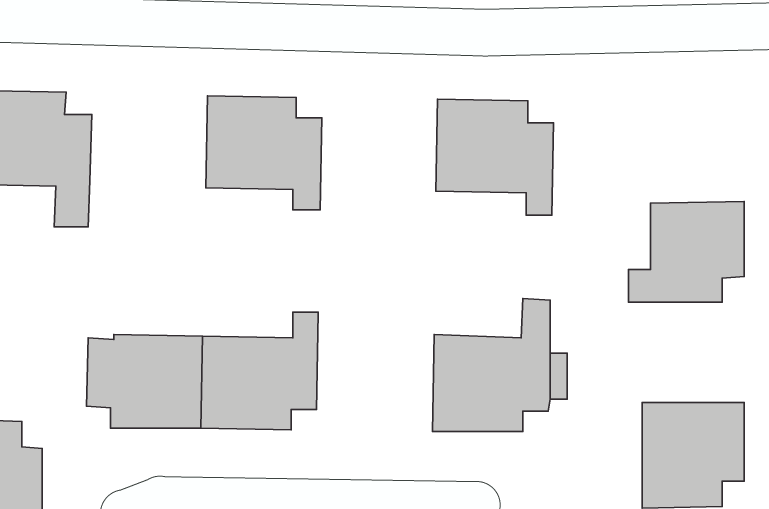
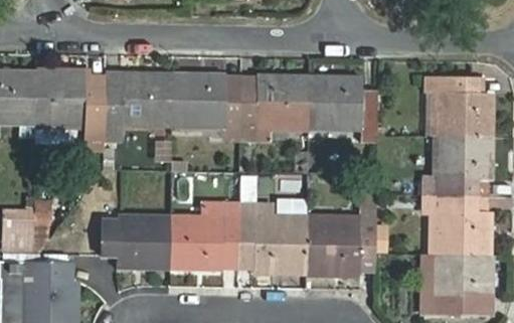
building: none -> [104,71,173,127]
building: none -> [239,73,309,141]
building: none -> [426,75,490,136]
building: none -> [421,194,490,254]
building: none -> [237,201,307,271]

